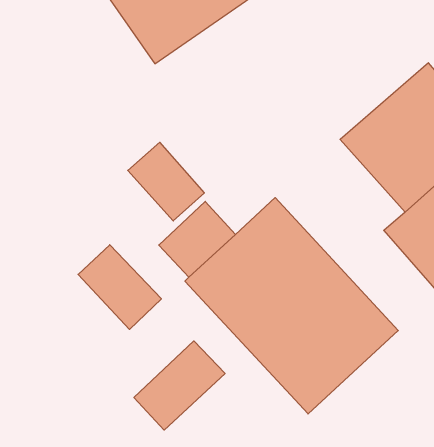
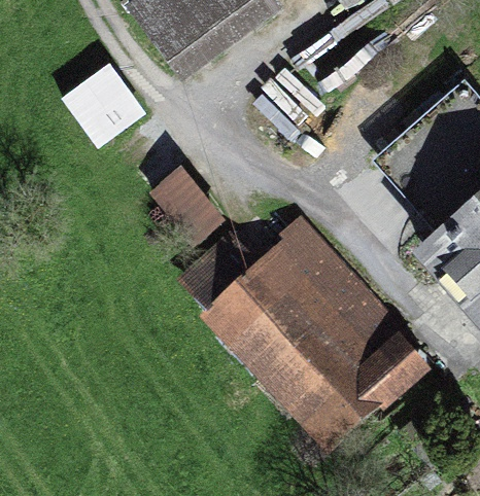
building: none -> [64,61,149,146]
building: [78,245,161,329] -> none
building: [134,341,225,430] -> none

